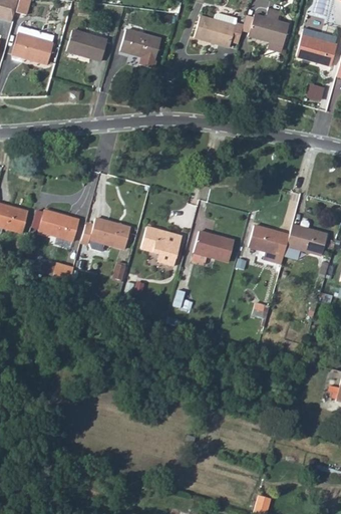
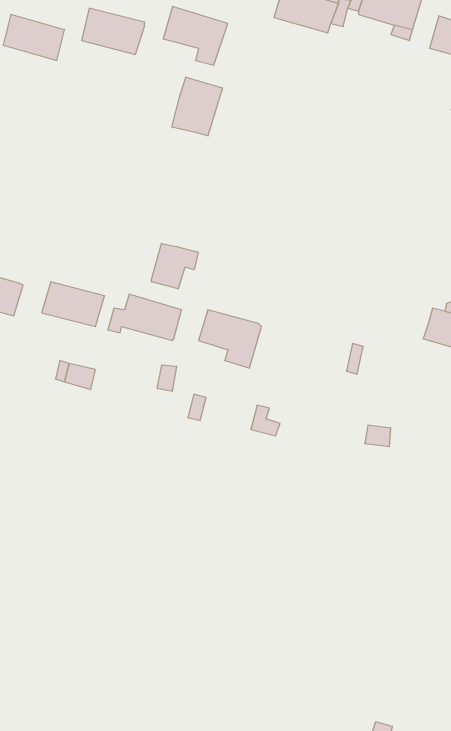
building: none -> [172,77,223,136]
building: none -> [151,243,198,289]
building: [251,226,291,256] -> none
building: [195,231,236,261] -> none

